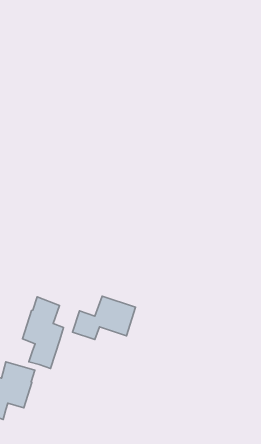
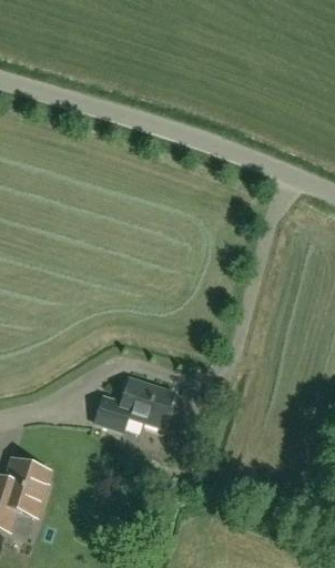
building: [22,297,64,368] -> none

